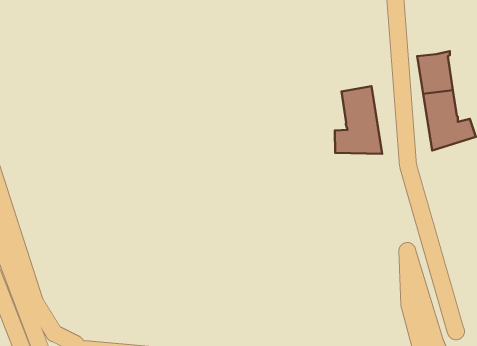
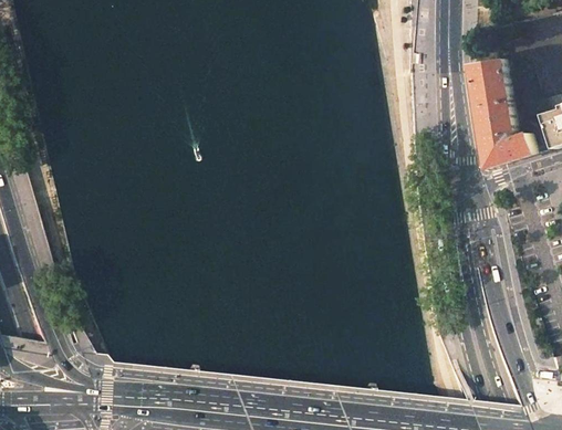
building: [335,86,382,154] -> none

